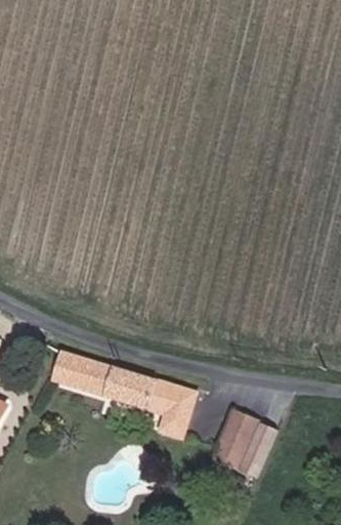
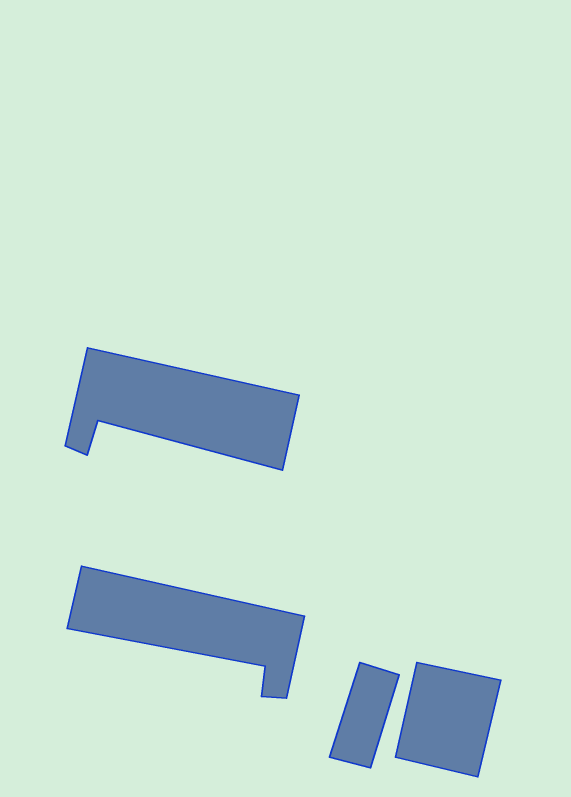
building: none -> [65,348,299,470]

